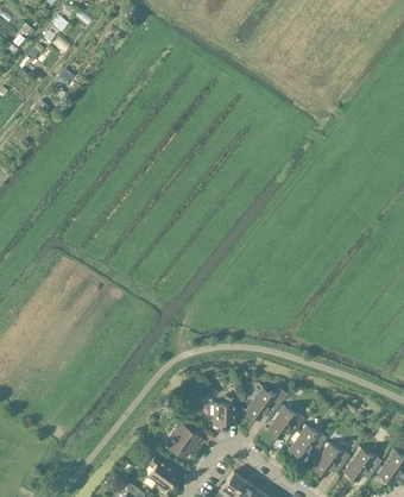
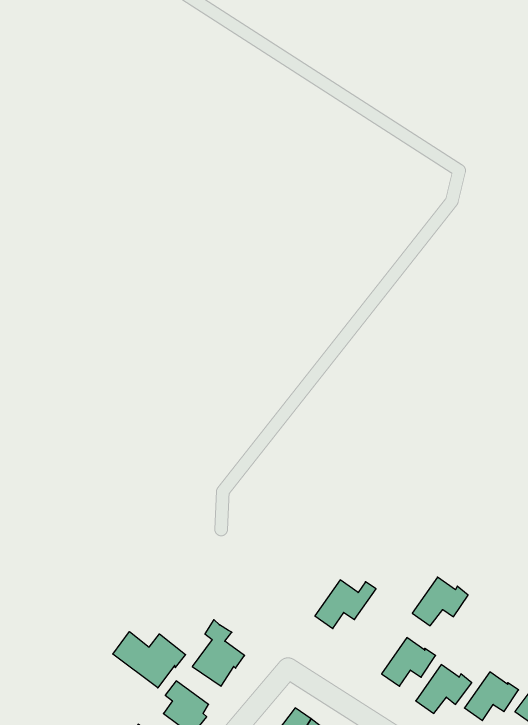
building: [207,397,236,426] -> none
building: [267,407,304,439] -> [412,577,468,626]
building: none -> [113,632,186,688]

